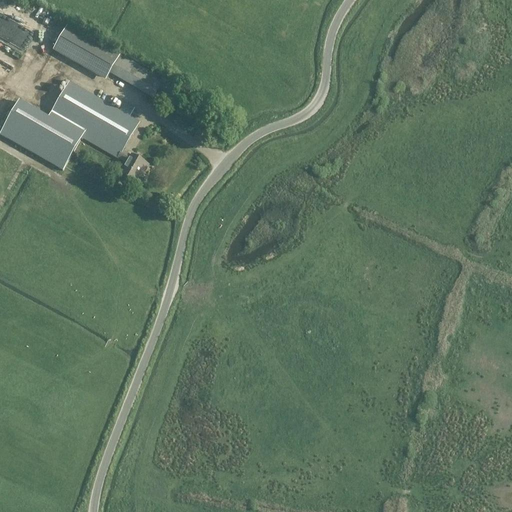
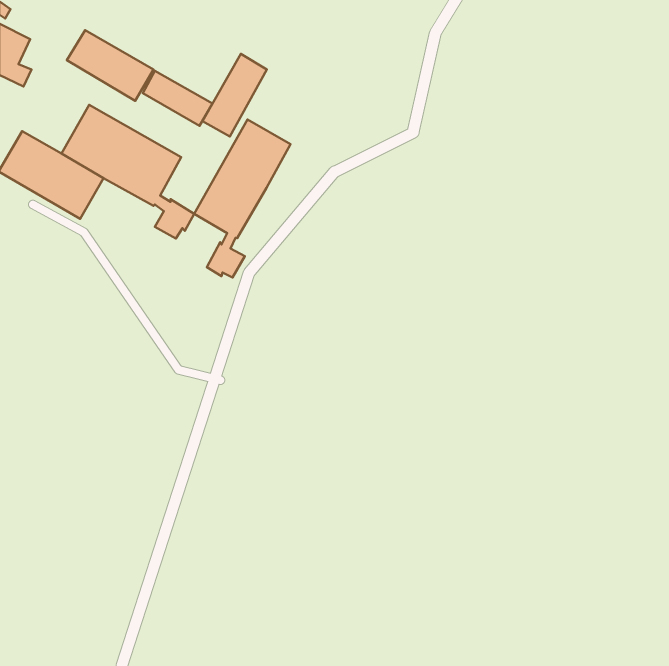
building: none -> [202,54,267,136]
building: none -> [194,120,291,278]

